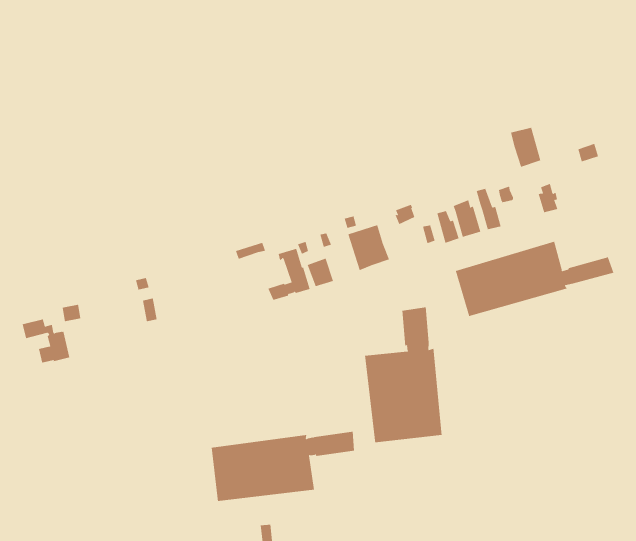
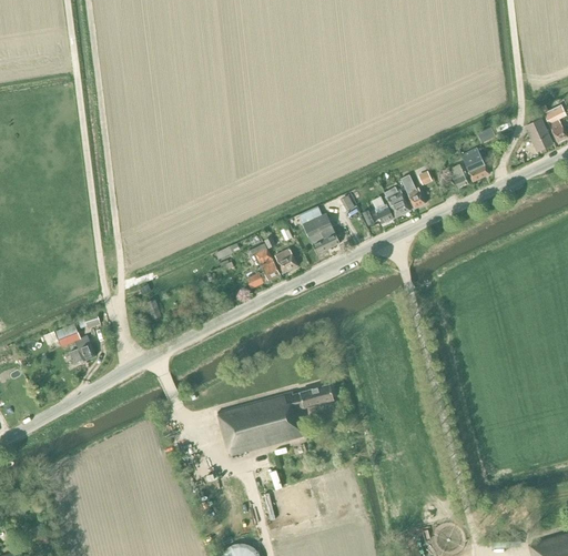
building: [510,127,541,167] -> [460,149,488,182]
building: [455,241,614,317] -> none
building: [364,307,442,443] -> none

